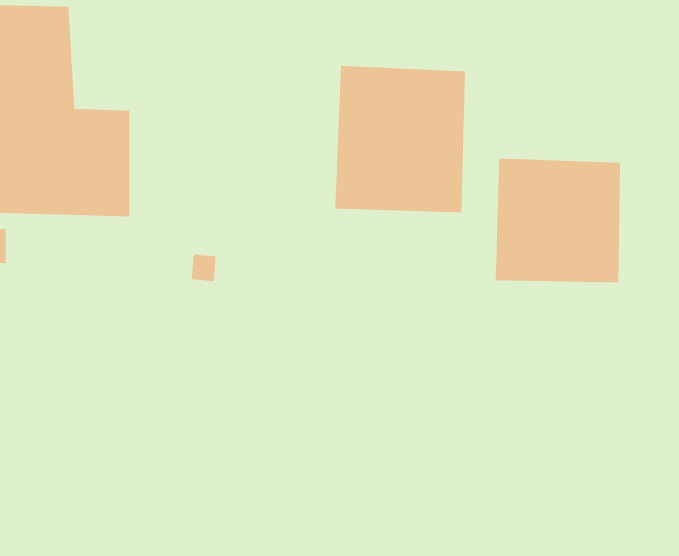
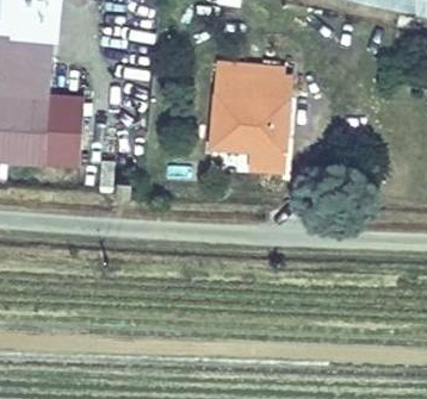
building: [495,158,621,283] -> none

